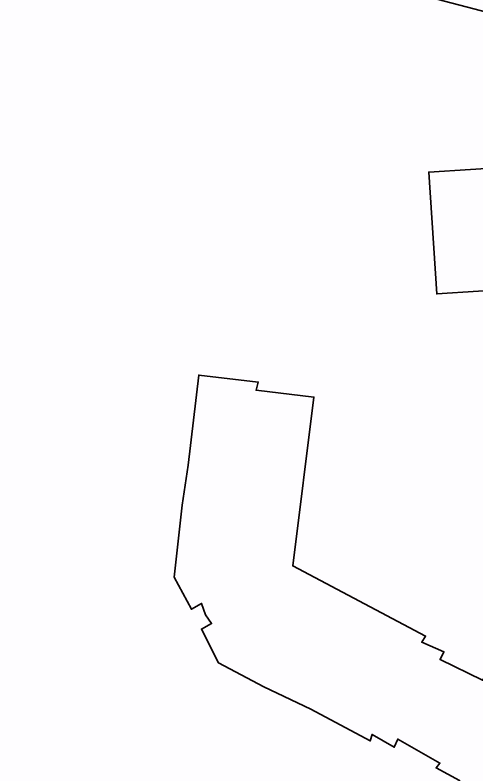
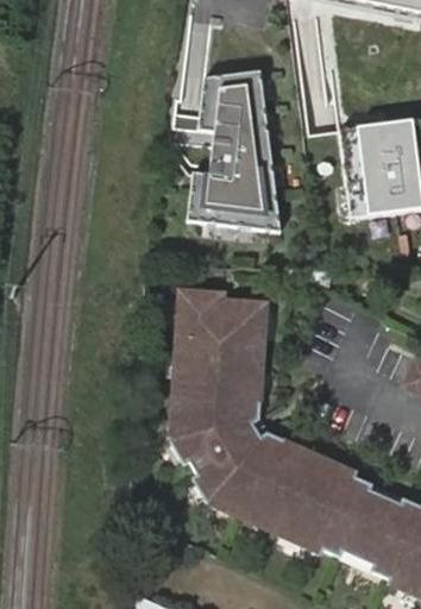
building: none -> [187,68,279,231]

